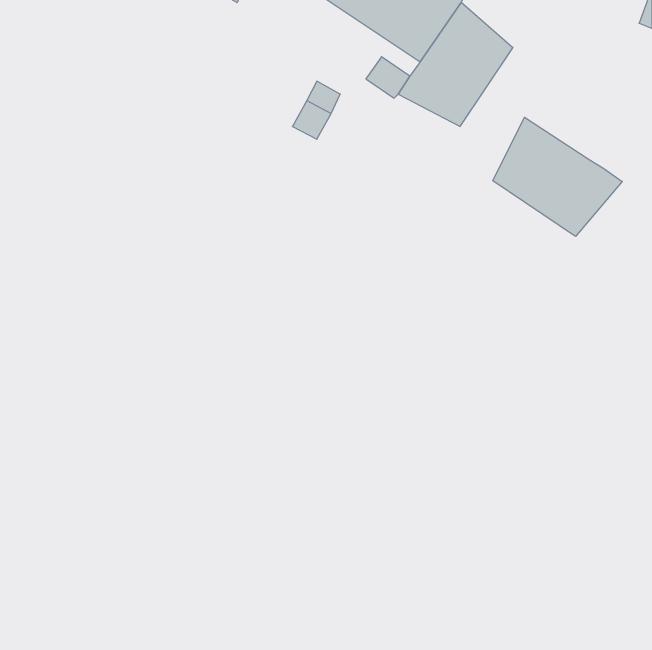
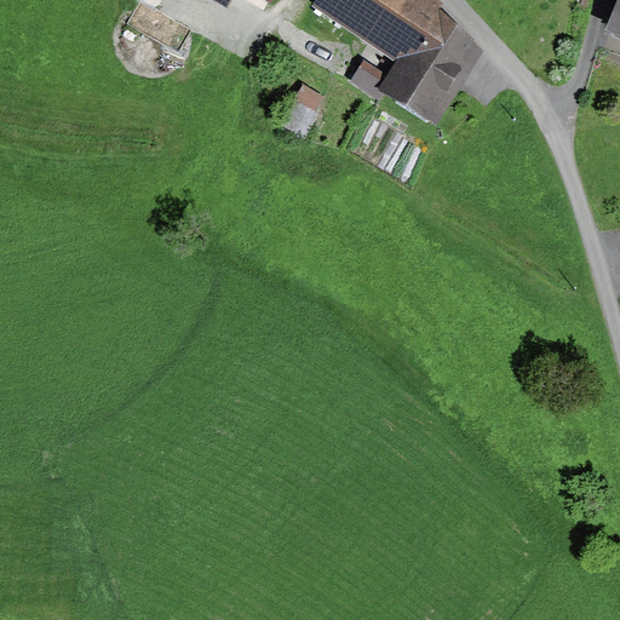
building: [493,117,622,236] -> none

